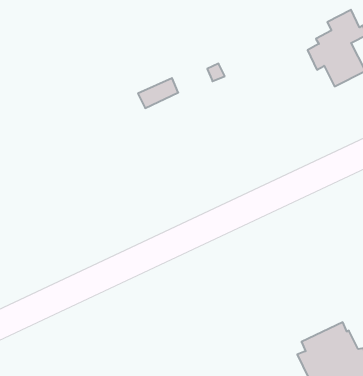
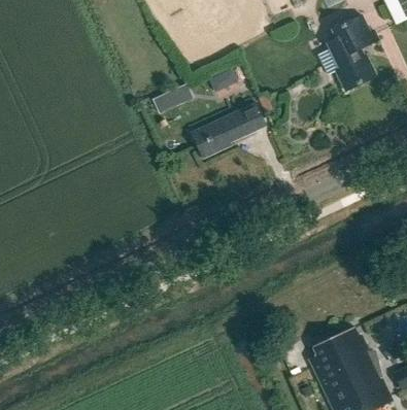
building: none -> [190,102,266,159]

